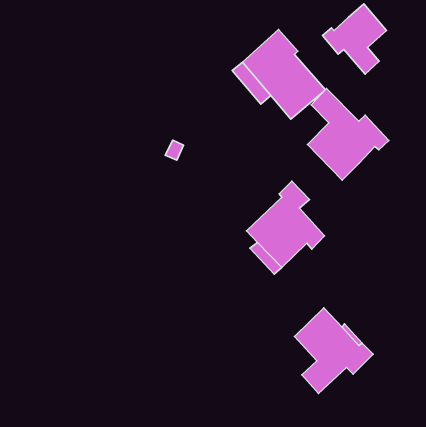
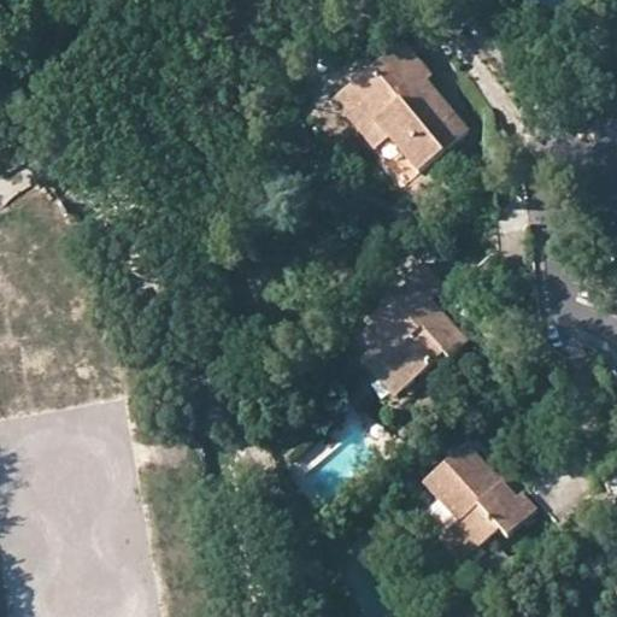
building: [322,4,387,74] -> none
building: [308,88,389,180] -> none

